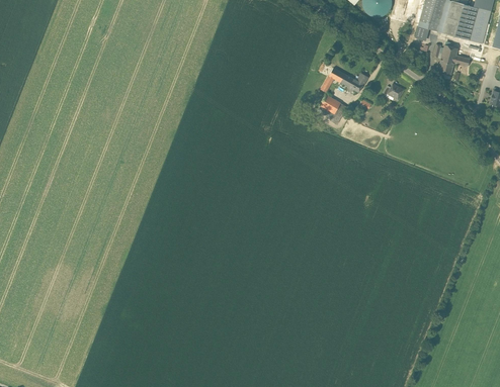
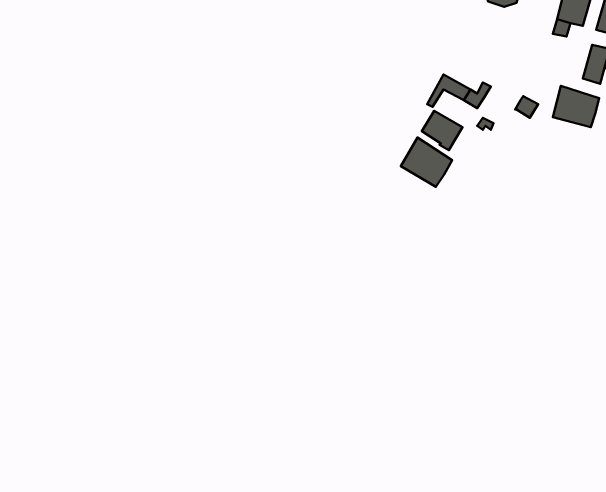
building: none -> [553,86,599,127]
building: none -> [401,137,452,187]

